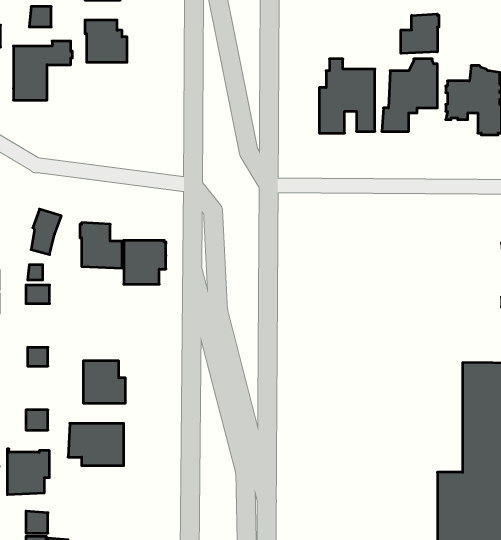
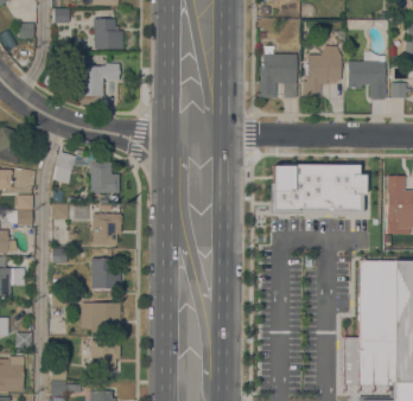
building: [401,14,439,53] -> none
building: [13,41,72,100] -> [78,63,120,104]
building: none -> [273,165,366,210]
building: [124,240,166,284] -> [91,214,121,244]
building: [7,449,49,495] -> [90,338,120,370]

